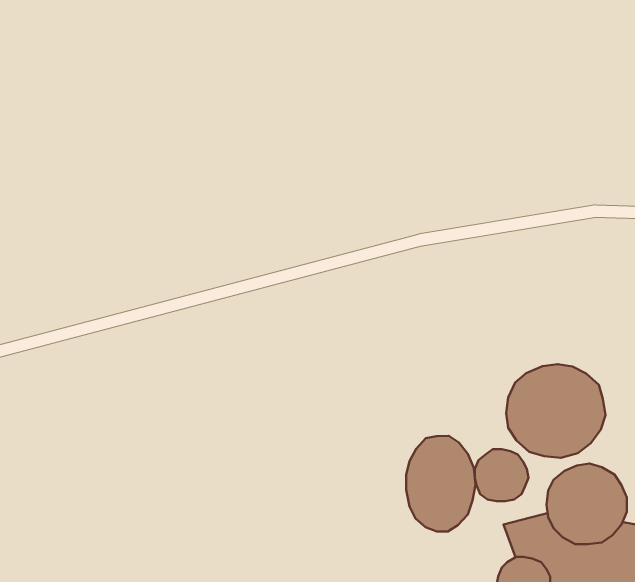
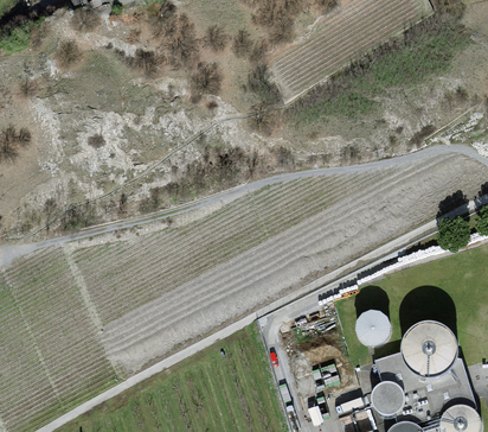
building: [506,364,606,458] -> none
building: [406,436,476,532] -> none

